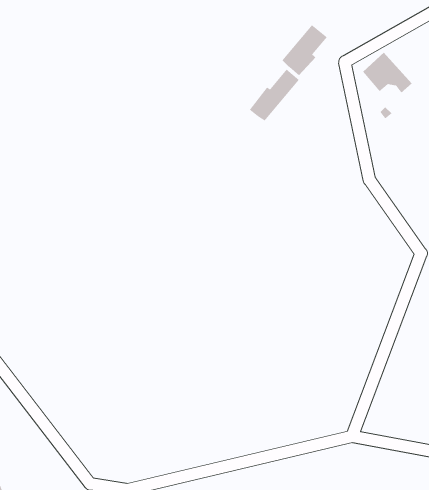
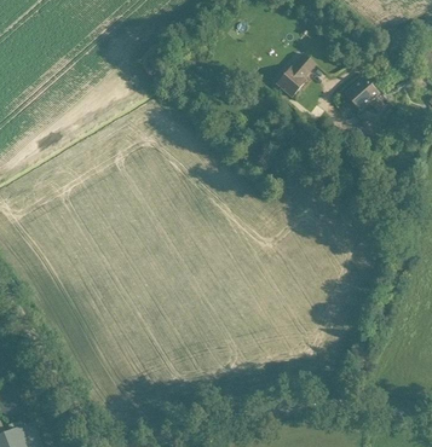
building: [249,68,300,122] -> none

